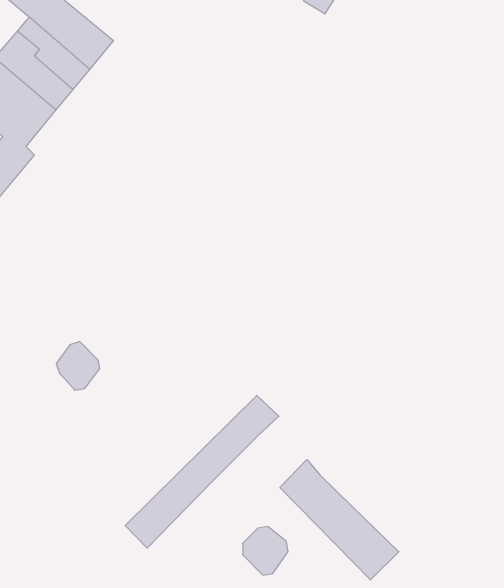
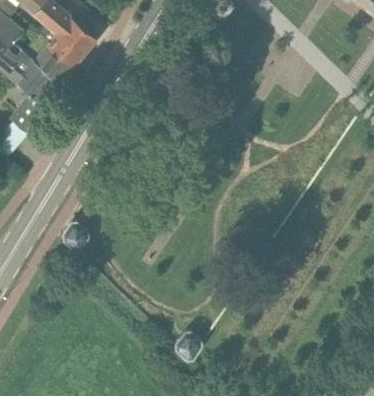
building: [125,395,279,548] -> none
building: [280,460,399,580] -> none

